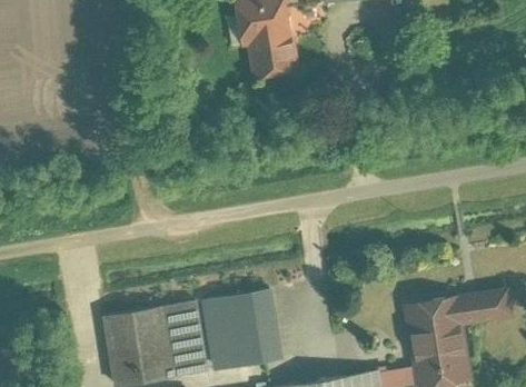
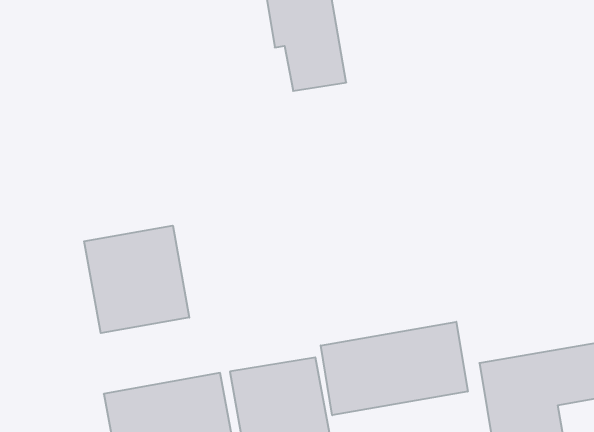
building: none -> [84,226,189,333]
building: none -> [321,322,468,415]

